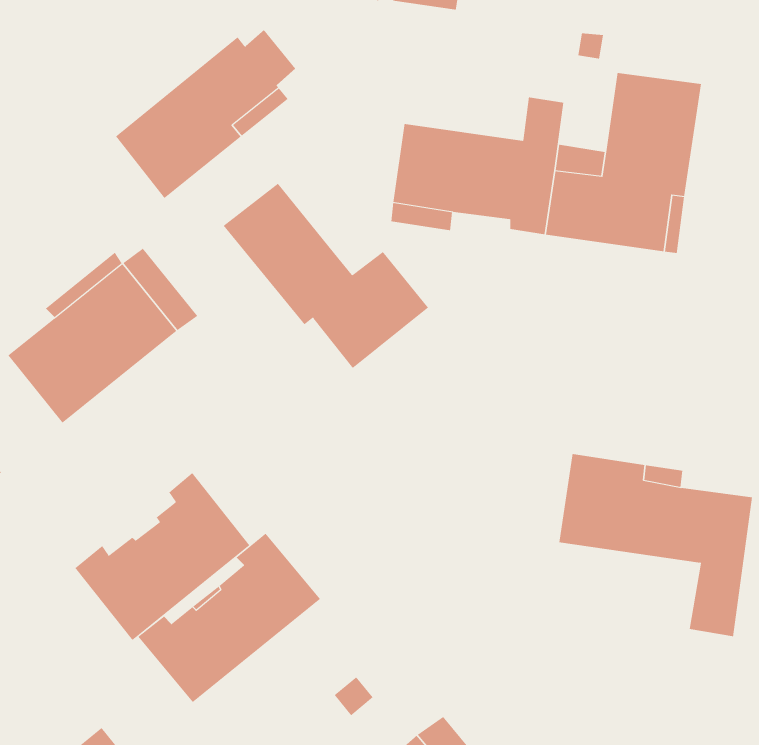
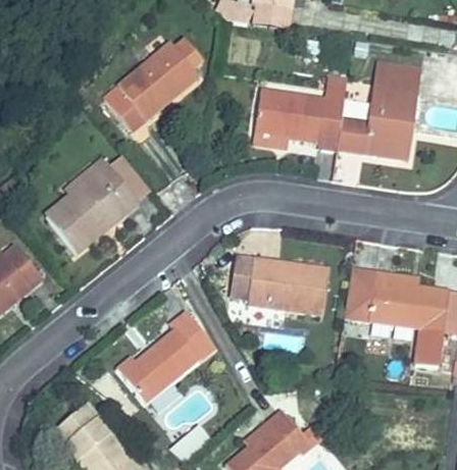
building: [223,183,429,369] -> none
building: none -> [231,256,329,313]
building: [74,472,250,641] -> none

